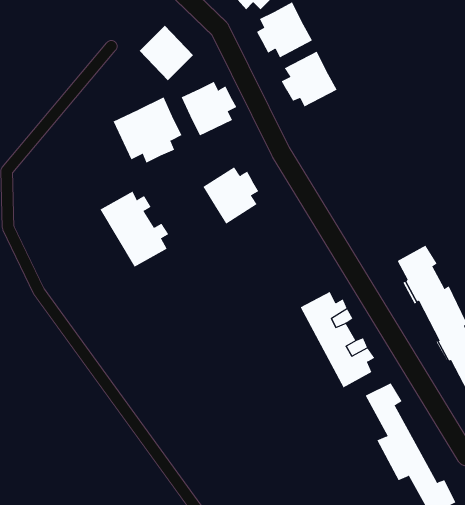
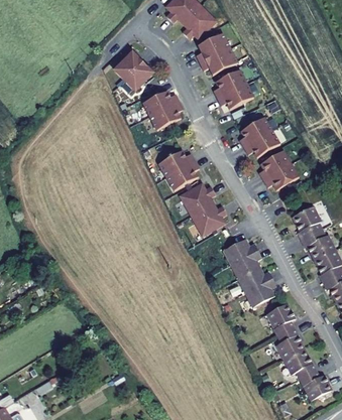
building: [113,97,182,164] -> none
building: none -> [237,118,276,158]
building: none -> [257,151,297,190]
building: [99,191,169,268] -> [176,184,224,238]

